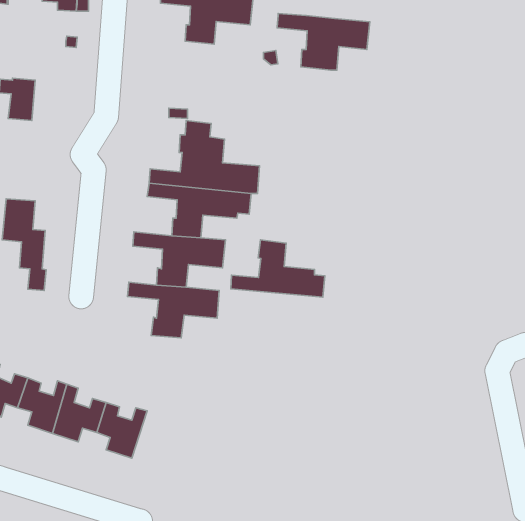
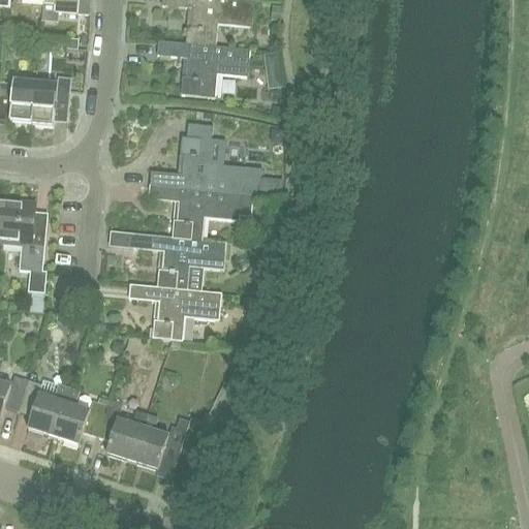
building: [277,13,370,70] -> [157,39,250,96]
building: none -> [32,74,71,123]
building: [231,240,325,297] -> none
building: none -> [132,412,188,468]

